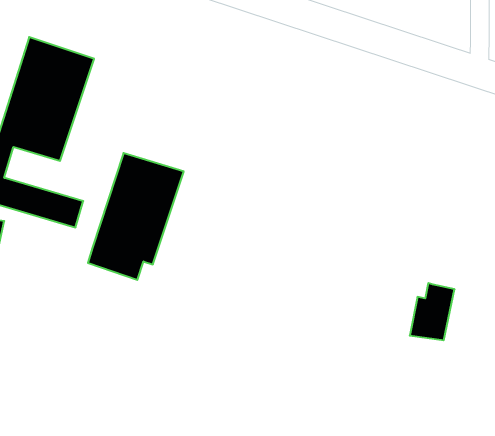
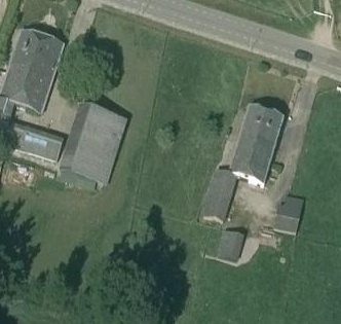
building: none -> [202,104,285,218]
building: none -> [218,227,244,257]

